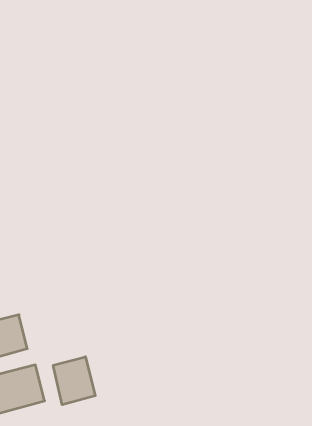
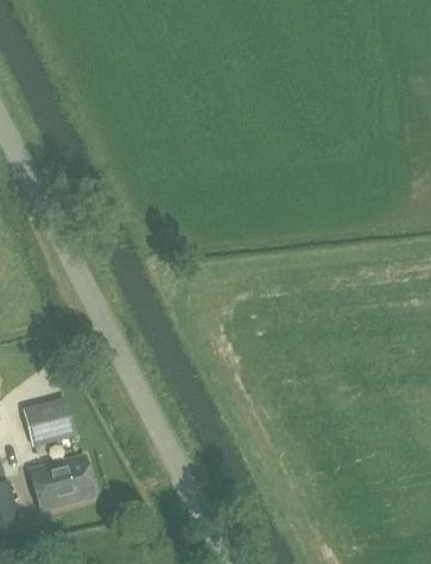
building: [53,357,95,405] -> none

